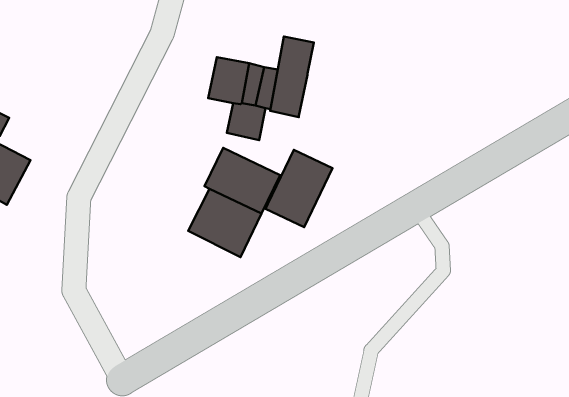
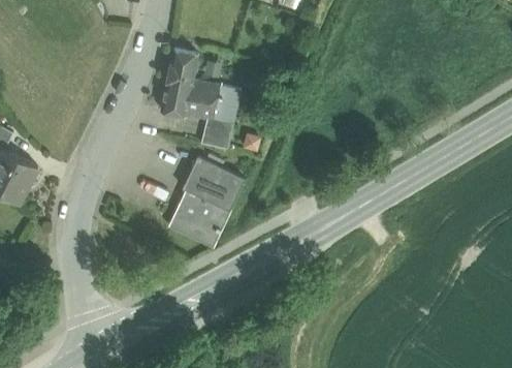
building: [270,36,314,117] -> [161,48,197,115]
building: [265,150,332,227] -> none

